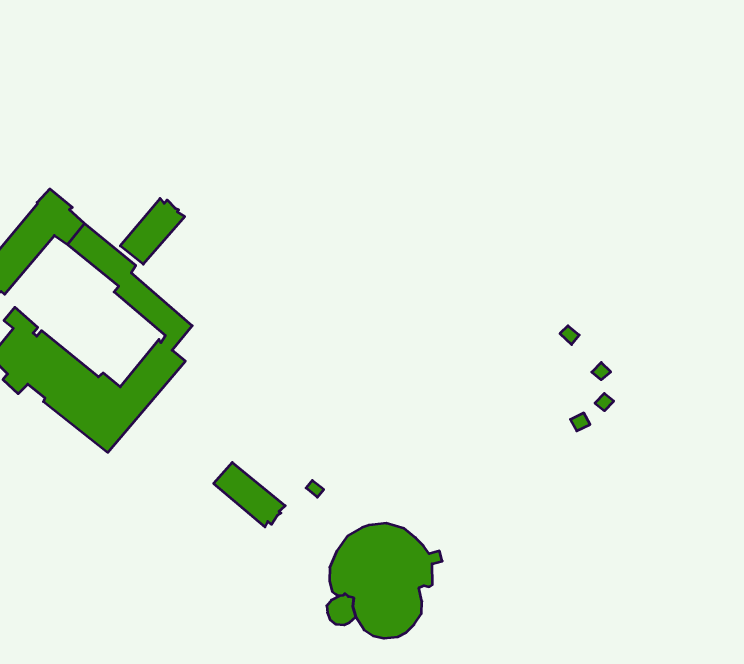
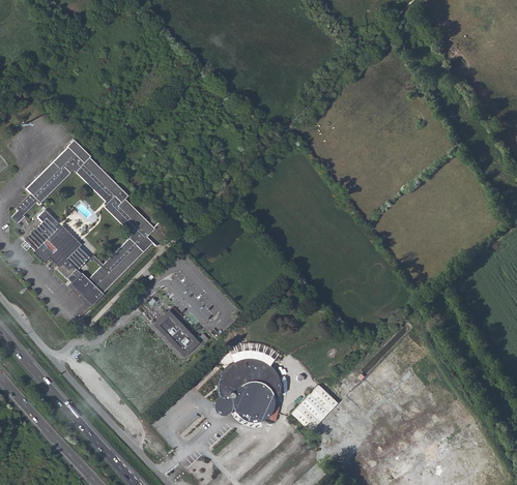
building: [120,198,185,264] -> none
building: none -> [292,387,338,432]

